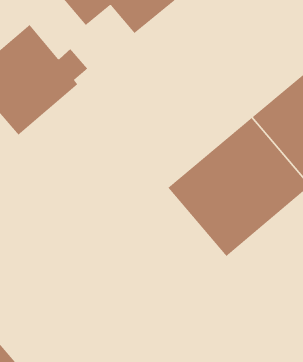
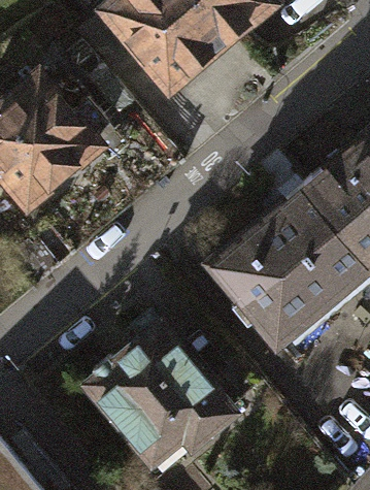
building: none -> [92,323,235,465]

